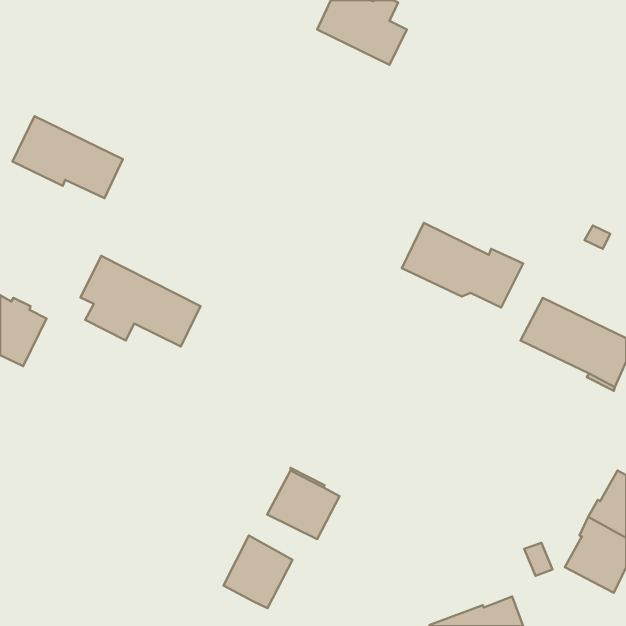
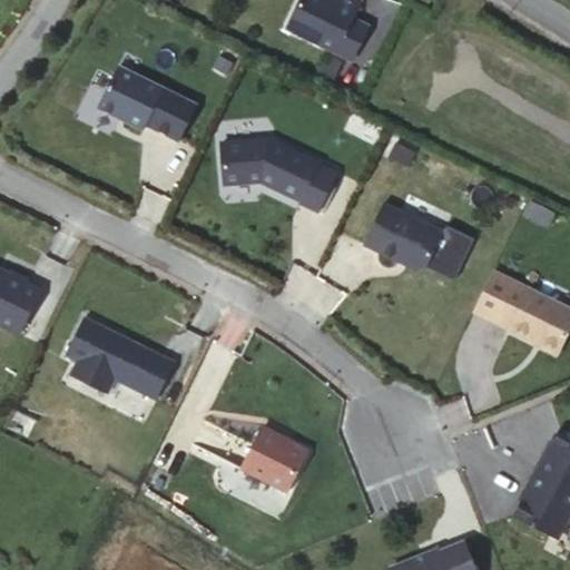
building: [12,116,123,198] -> [99,66,199,140]
building: none -> [223,139,335,209]
building: [80,256,200,347] -> [66,316,175,399]
building: [223,536,293,608] -> none

